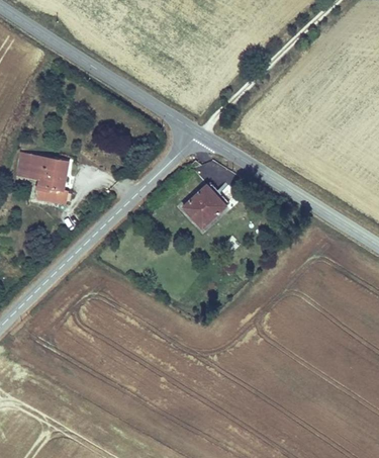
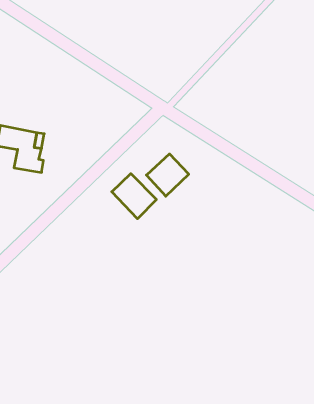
building: none -> [112,174,156,219]

